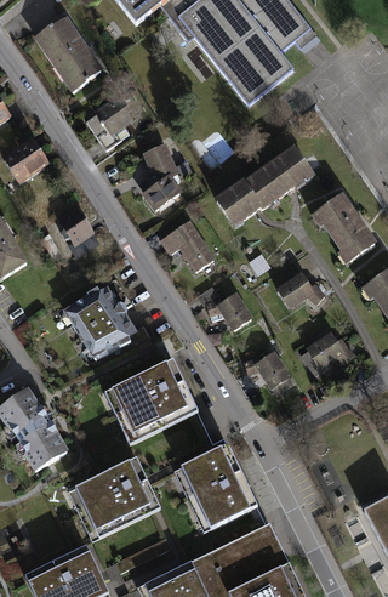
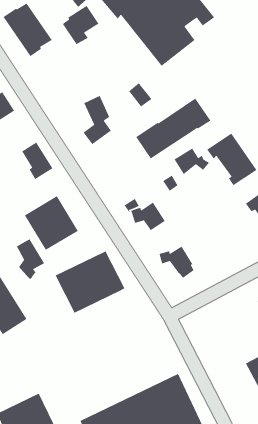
building: [85,95,136,149] -> [62,5,100,45]
building: [159,221,215,273] -> none
building: [276,273,326,311] -> [174,147,210,175]
building: [306,328,355,365] -> none
building: none -> [16,238,45,280]
building: [175,444,252,527] -> none
building: [72,460,148,531] -> none

